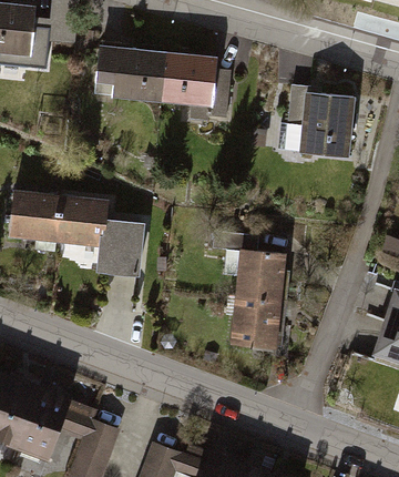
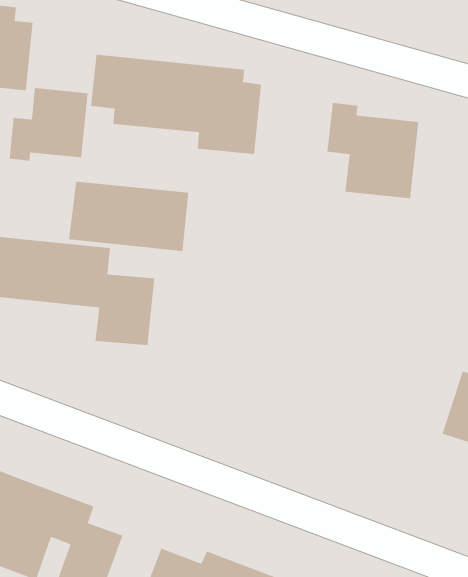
building: none -> [9,87,88,161]
building: none -> [68,181,189,252]
building: [223,233,289,351] -> none

